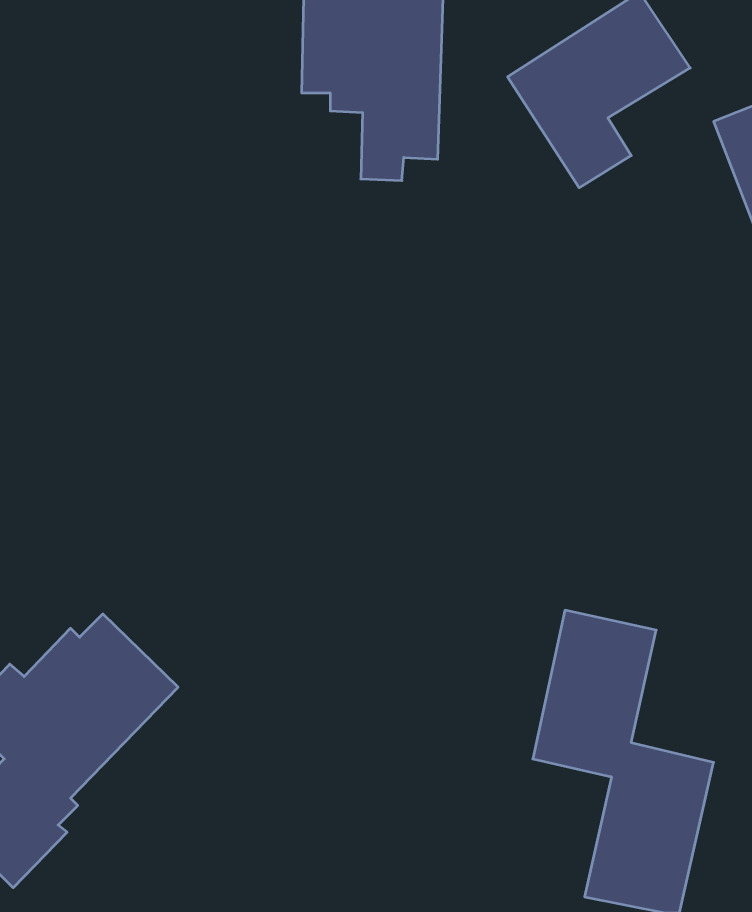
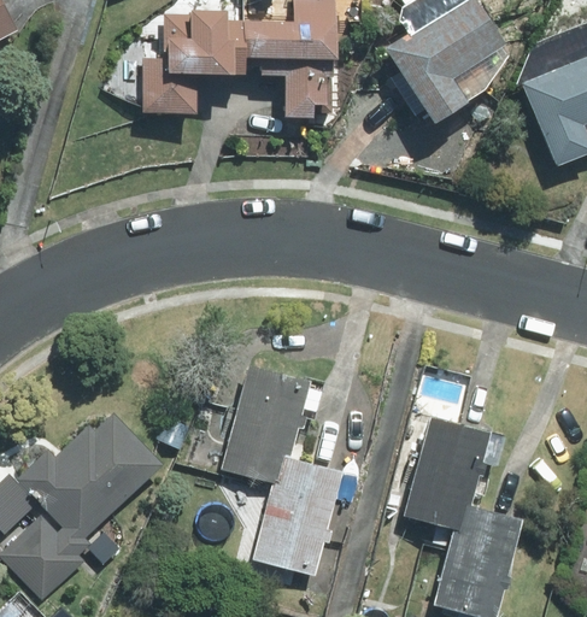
building: none -> [145,11,231,116]
building: none -> [213,364,339,574]

